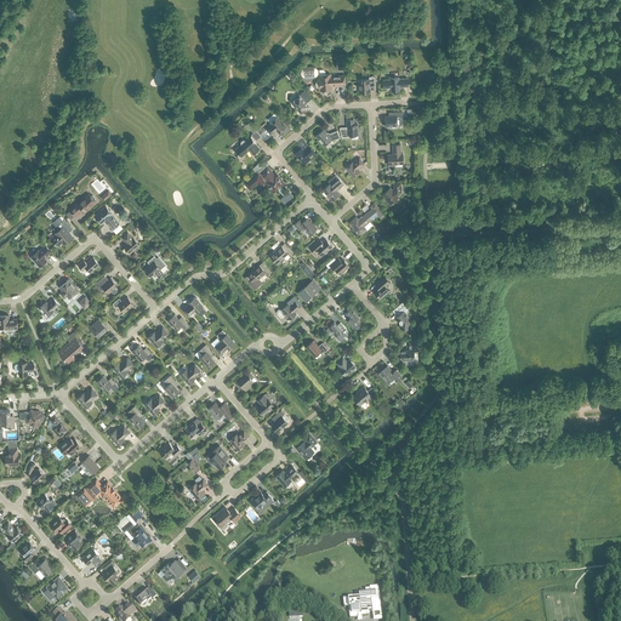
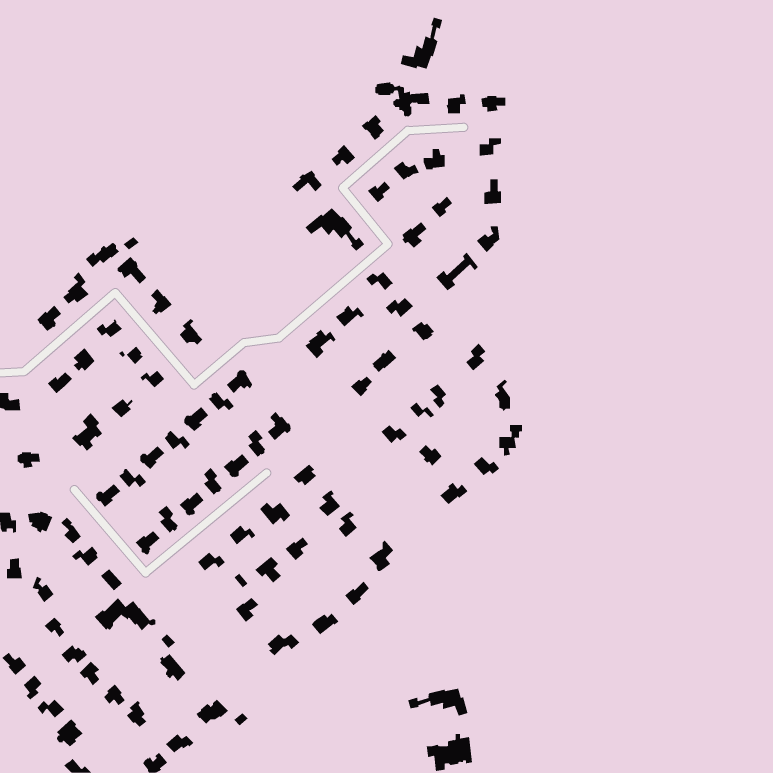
building: none -> [400,17,443,70]
building: none -> [408,688,468,717]

